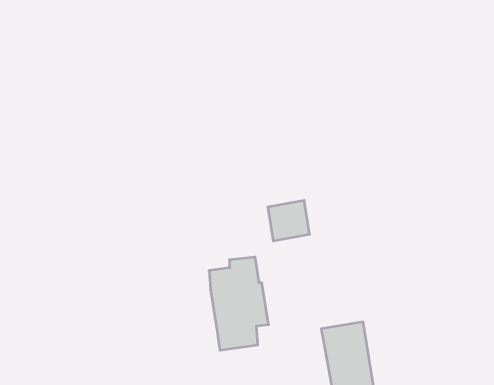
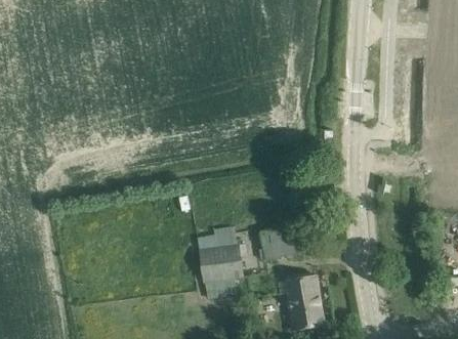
building: [268,200,310,241] -> [262,228,294,259]

